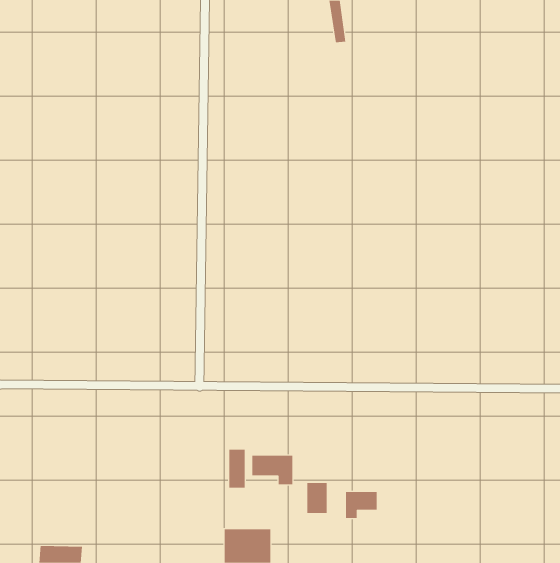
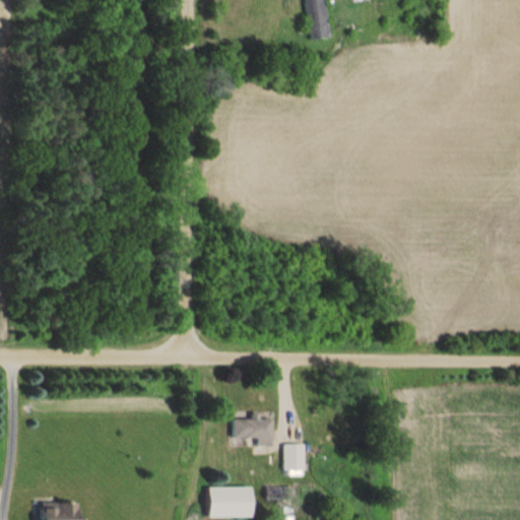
building: [229,449,245,489] -> none
building: [346,491,377,519] -> none

